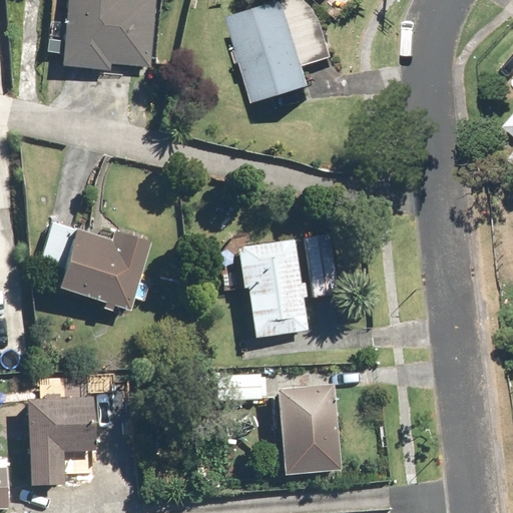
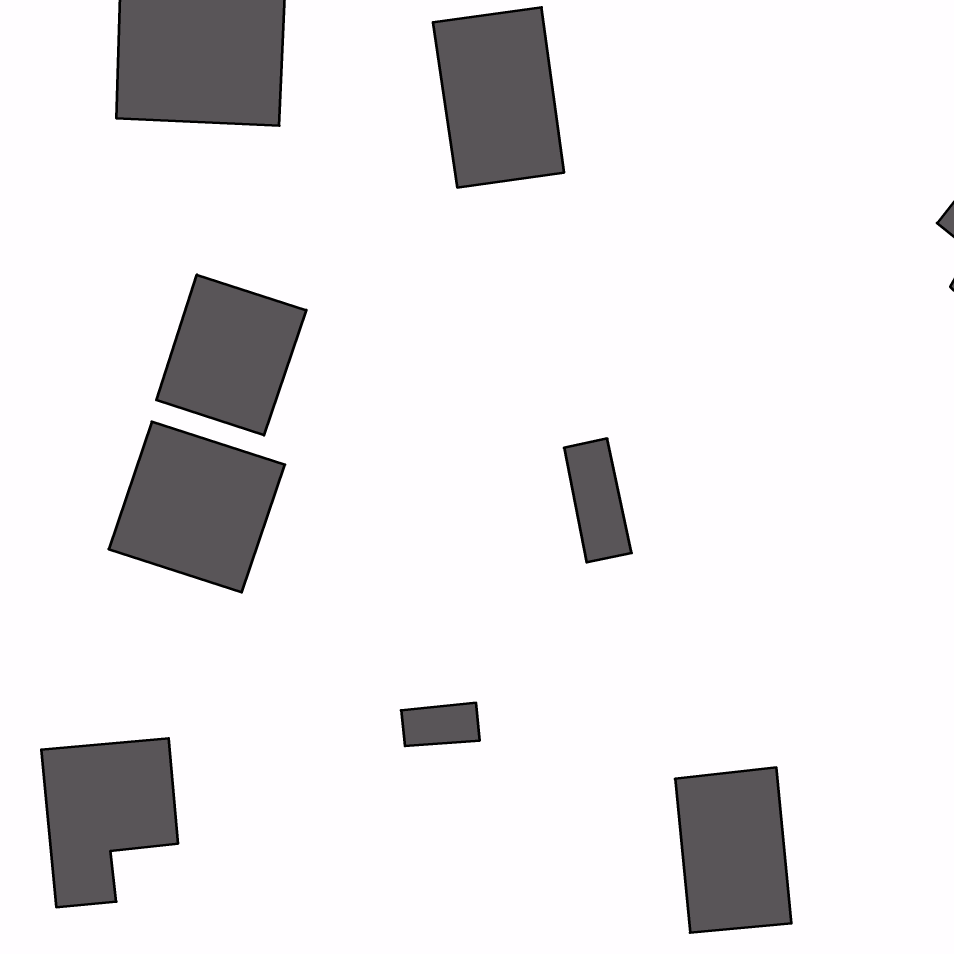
building: none -> [156,275,306,435]
building: [242,240,308,332] -> none
building: [278,384,340,472] -> [675,768,791,933]

